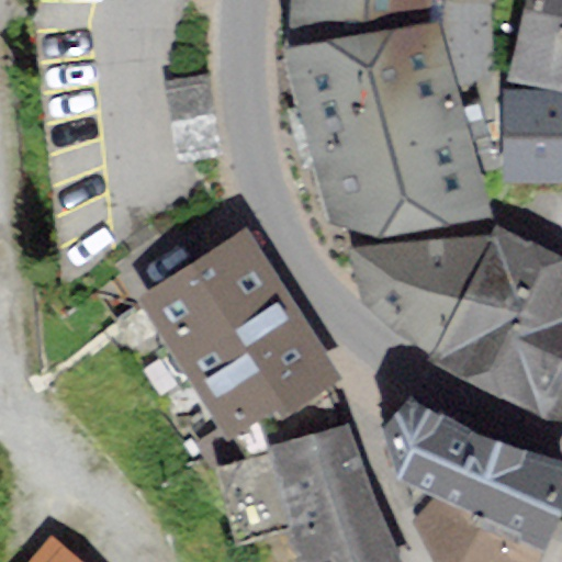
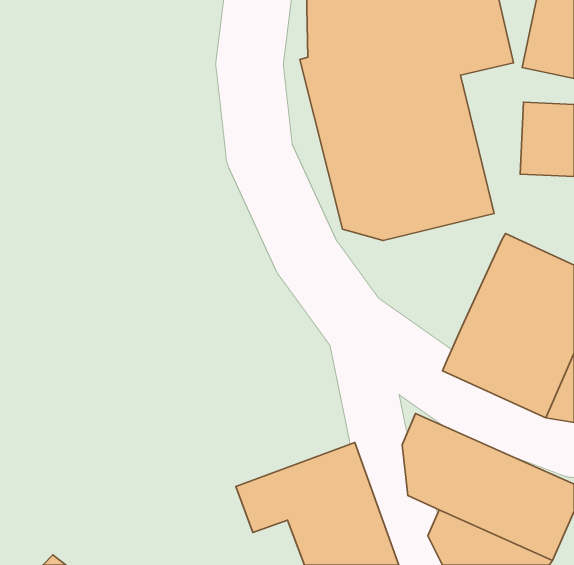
building: [357,234,491,355] -> none
building: [150,241,329,431] -> none

